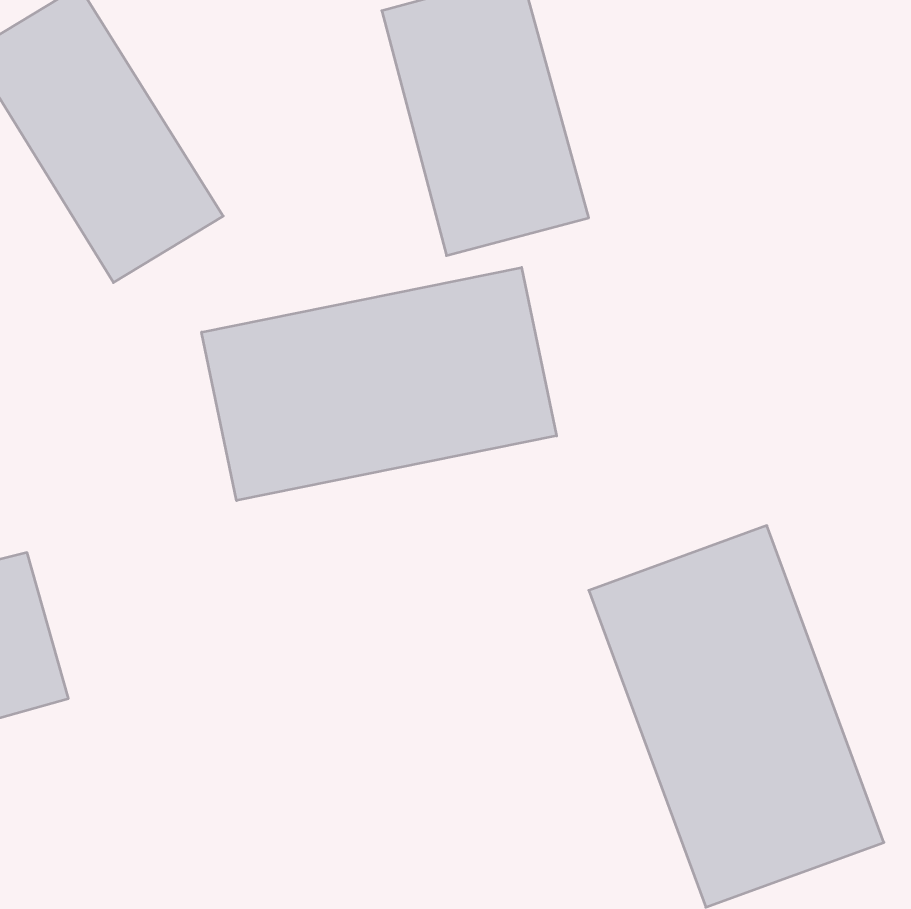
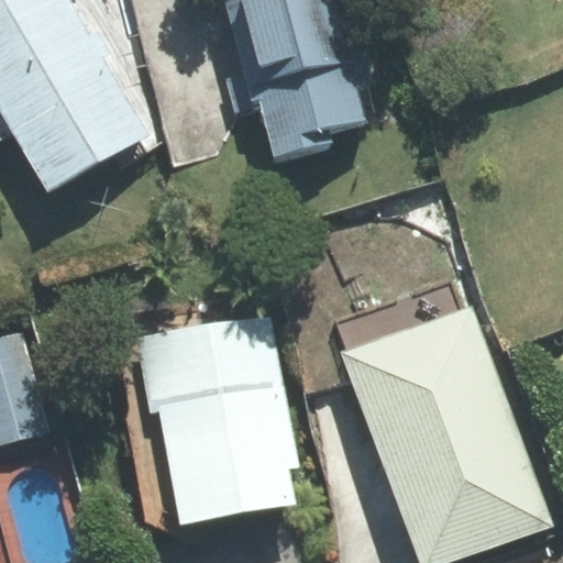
building: [202,267,557,501] -> none
building: none -> [158,325,301,519]

